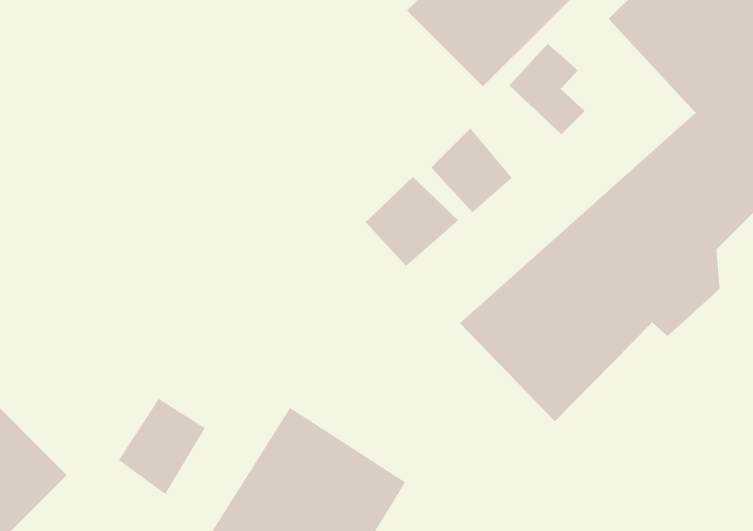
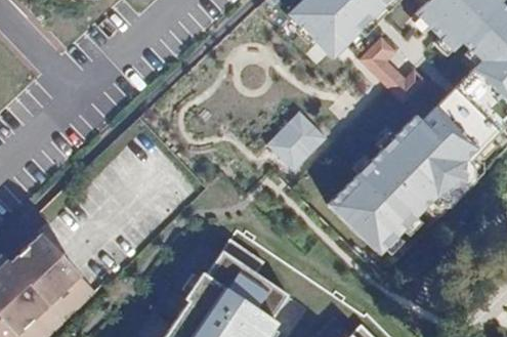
building: [430,128,513,213] -> none
building: [118,398,206,495] -> none

